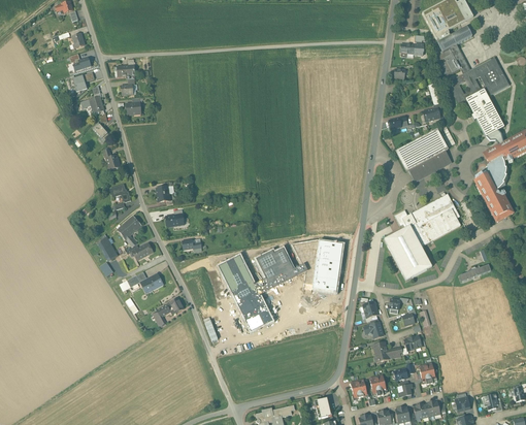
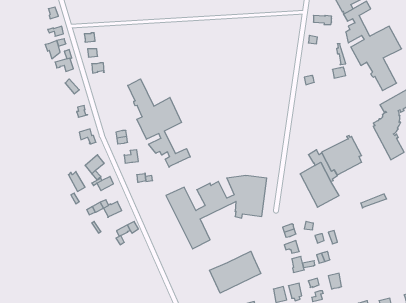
building: none -> [128,79,190,167]
building: [395,129,451,182] -> none
building: none -> [210,251,261,293]

